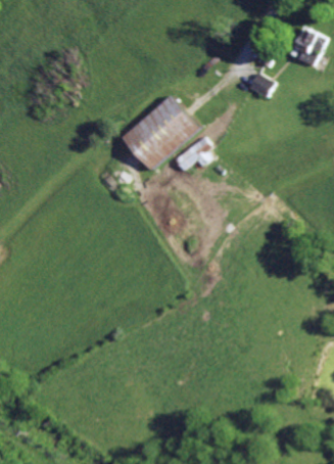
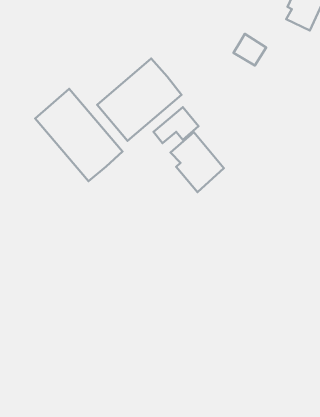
building: none -> [35,89,123,181]
building: none -> [170,132,224,192]

